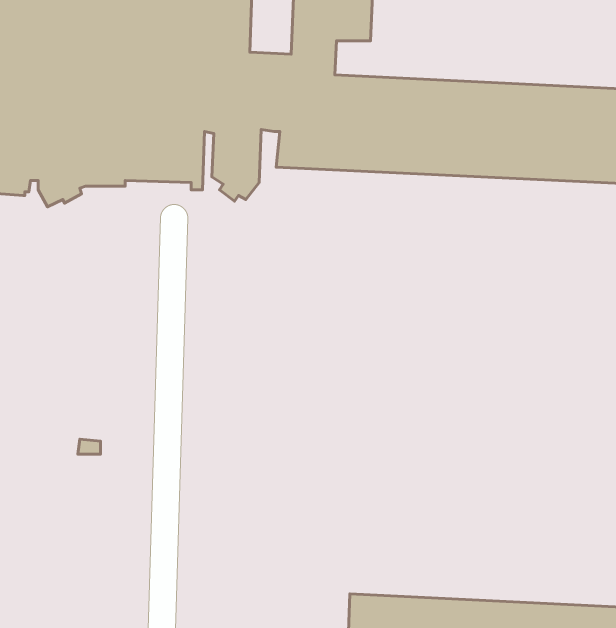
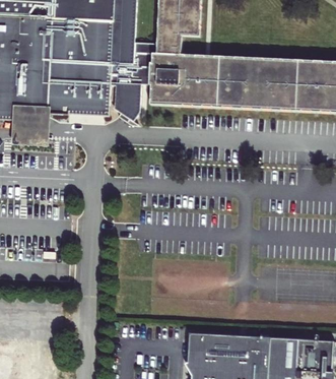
building: none -> [12,110,52,144]

